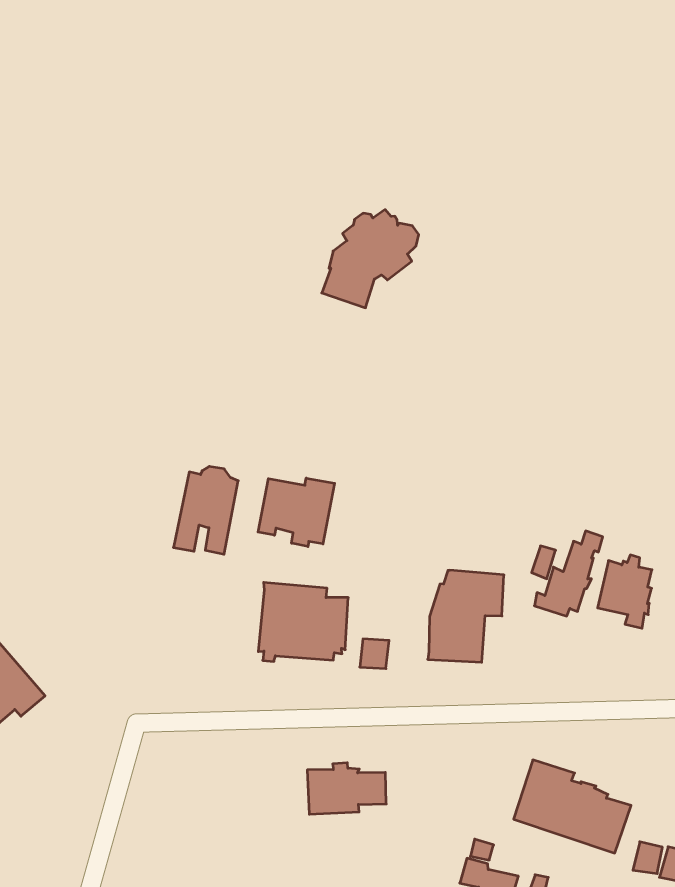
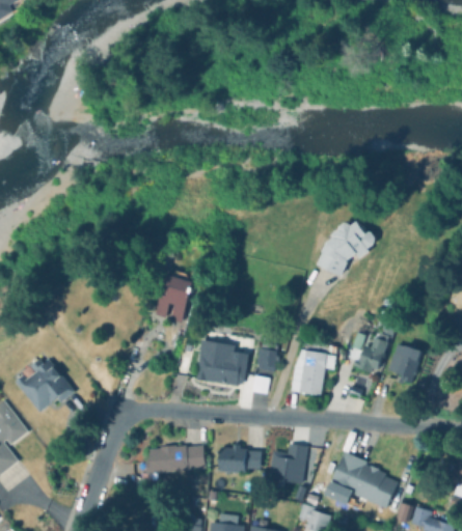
building: [322,210,419,308] -> [318,222,375,276]
building: [258,478,335,547] -> none
building: none -> [256,342,280,372]
building: none -> [278,444,310,484]
building: none -> [140,446,205,481]

